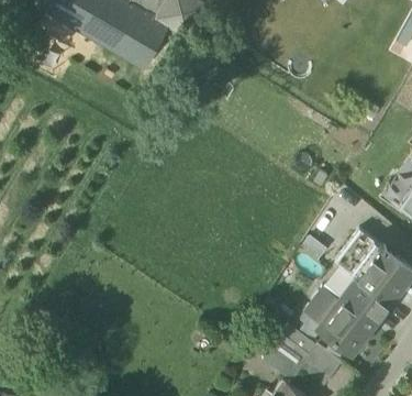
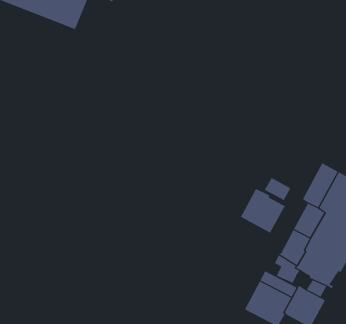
building: none -> [240,188,285,233]

